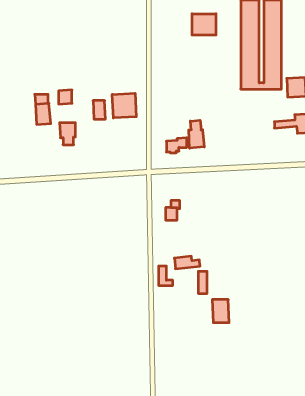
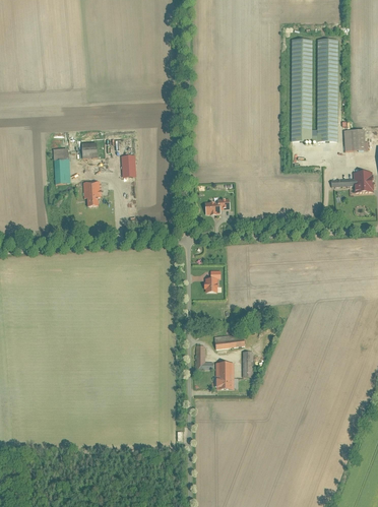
building: [192,14,216,35] -> none
building: [112,93,136,118] -> none
building: [189,120,204,148] -> none
building: [212,300,229,323] -> [214,363,234,389]

